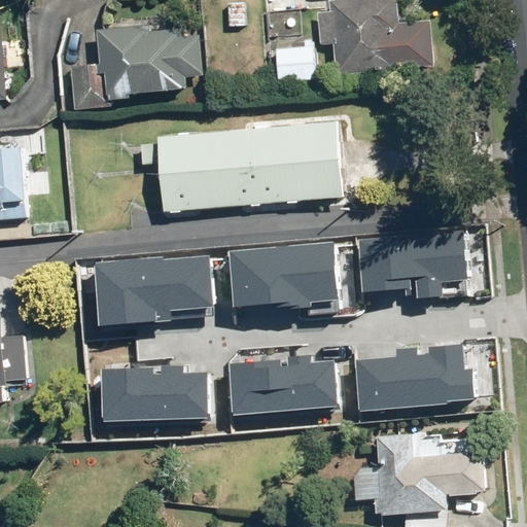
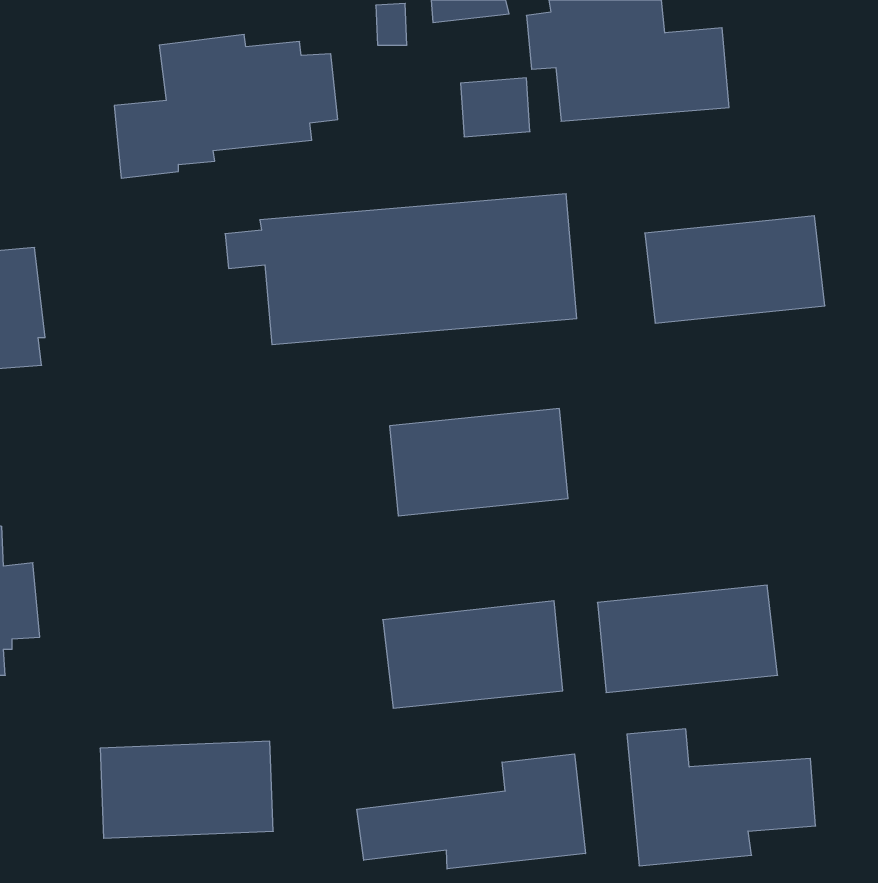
building: [354,229,461,292] -> [645,216,825,323]
building: [99,254,217,325] -> none
building: [107,368,210,426] -> [100,741,273,838]
building: none -> [357,754,585,869]

